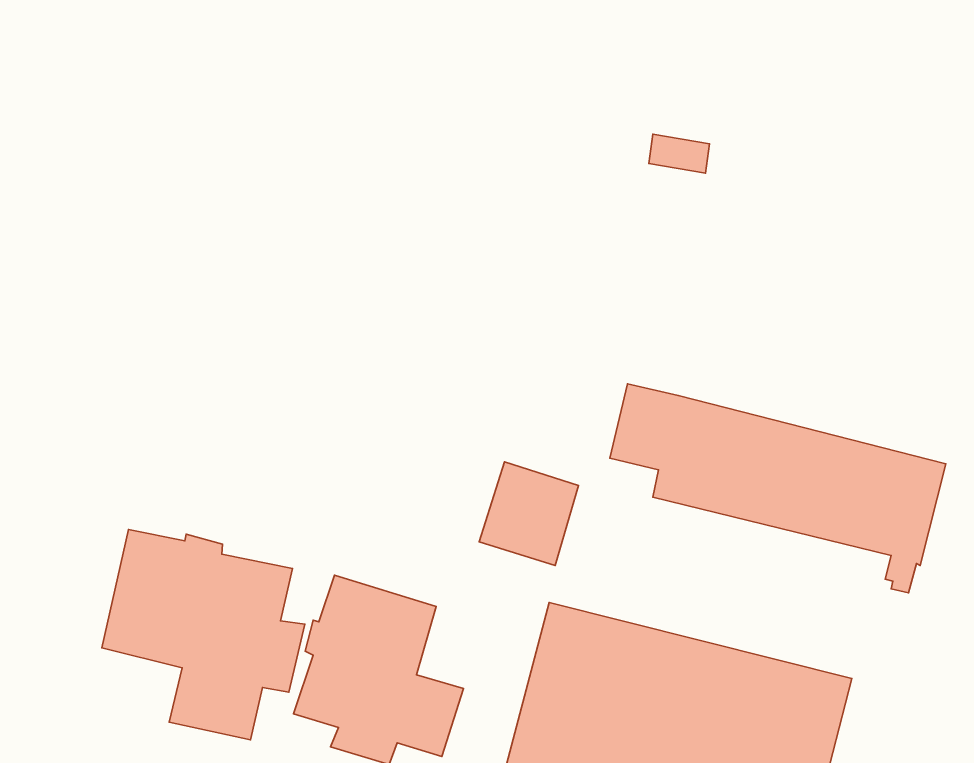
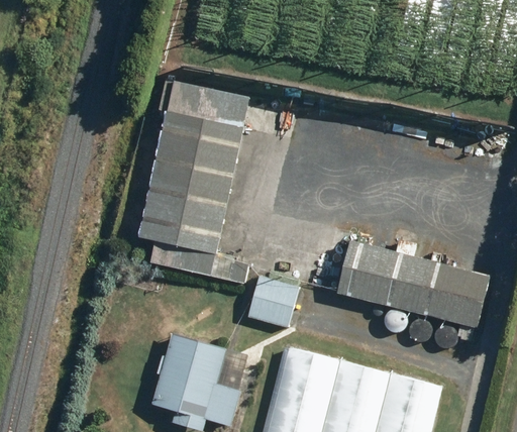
building: none -> [138,84,249,284]
building: [102,530,305,740] -> none

